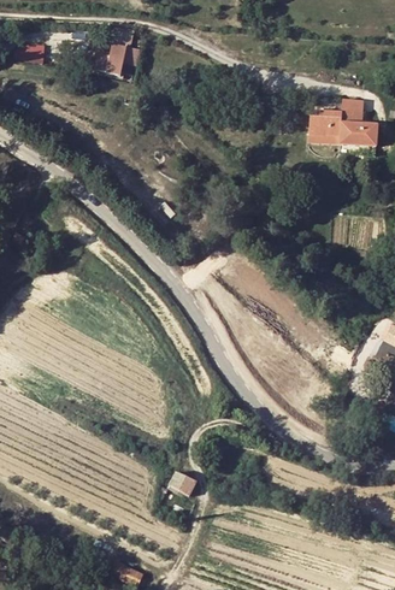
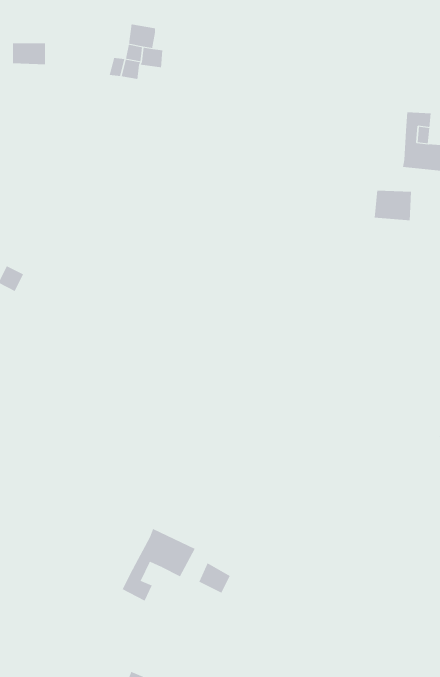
building: [308,113,340,138] -> [374,190,412,221]
building: none -> [122,528,195,602]

